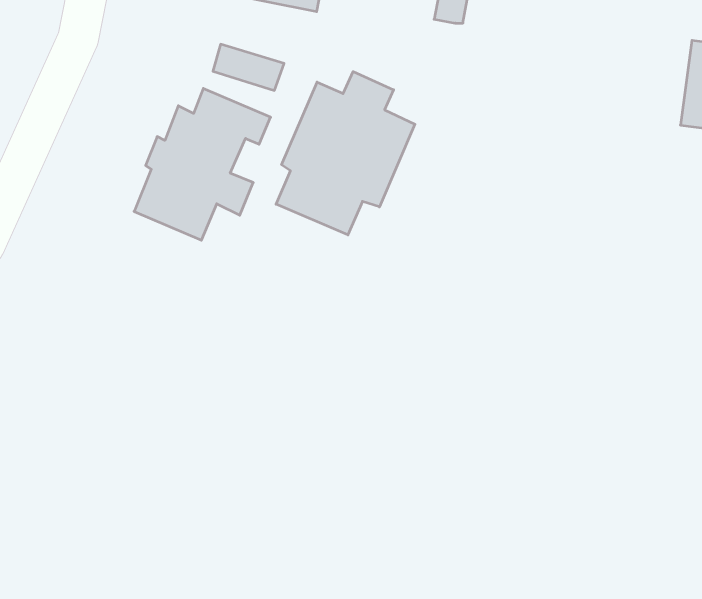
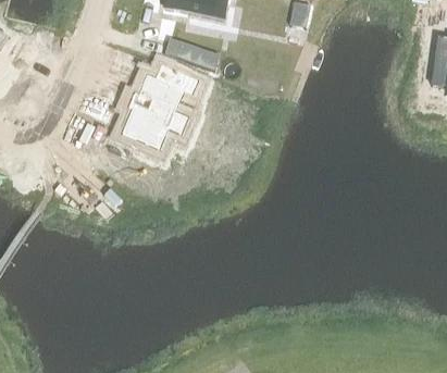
building: [276,72,415,235] -> none

